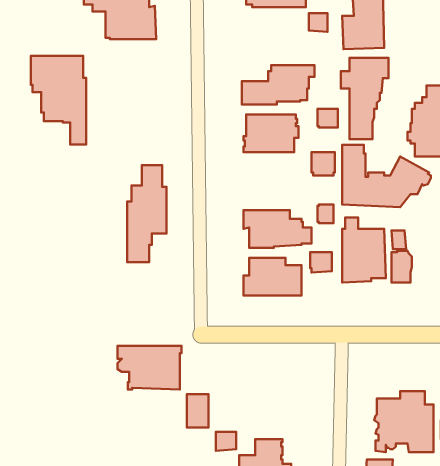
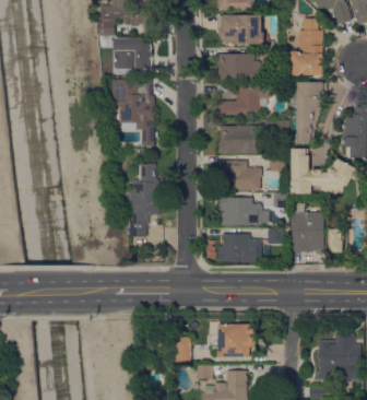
building: none -> [217,54,264,82]
building: [31,56,86,144] -> [113,80,154,146]
building: none -> [223,161,262,190]
building: [118,346,181,389] -> [209,325,257,357]

